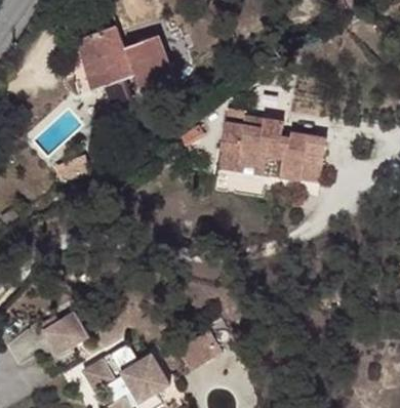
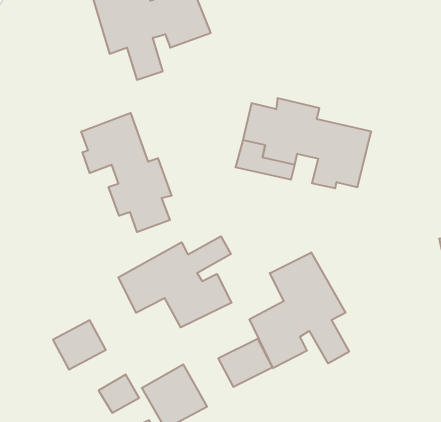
building: none -> [81,113,172,232]
building: none -> [118,236,232,327]
building: none -> [249,252,349,368]

